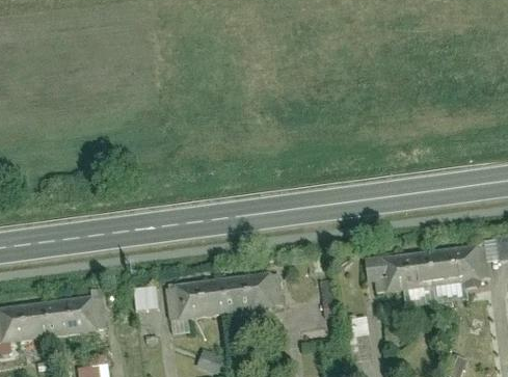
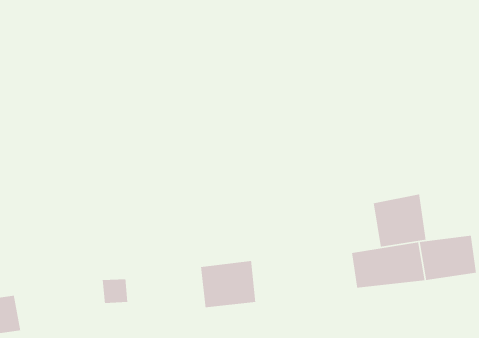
building: none -> [373,194,427,248]
building: [165,272,231,317] -> none
building: [50,292,103,333] -> none

